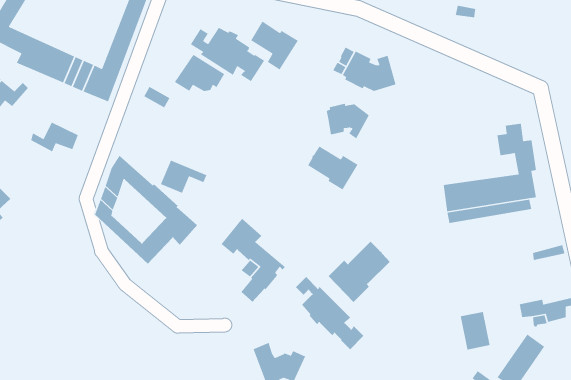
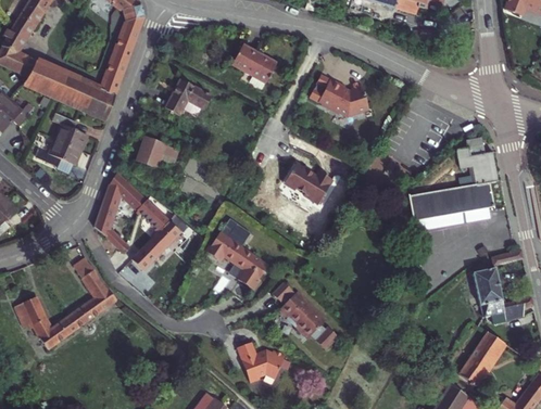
building: [190,27,265,82] -> none
building: none -> [49,110,86,150]
building: [326,103,370,139] -> none
building: [160,159,207,194] -> [135,135,178,166]
building: [328,241,390,303] -> none
building: none -> [16,256,117,348]
building: [460,311,491,350] -> [474,268,502,304]

